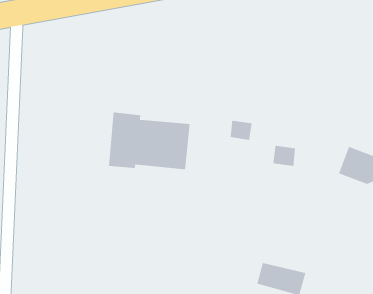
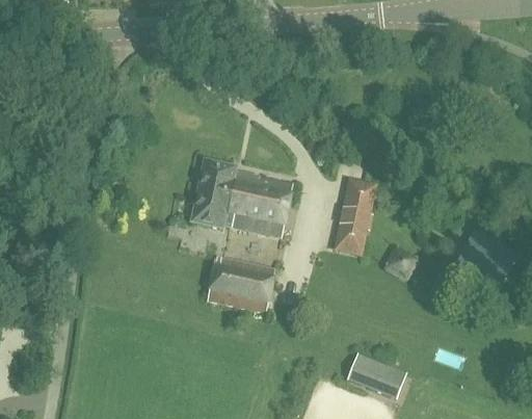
building: [272,145,296,166] -> [327,218,356,245]
building: none -> [207,255,275,311]

